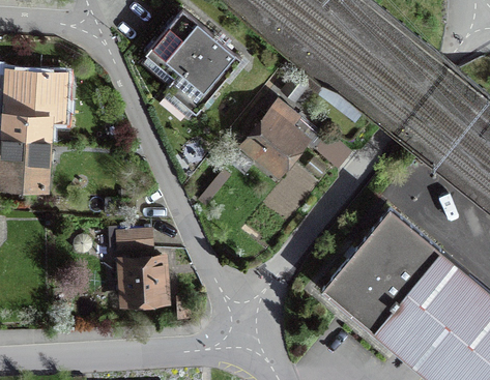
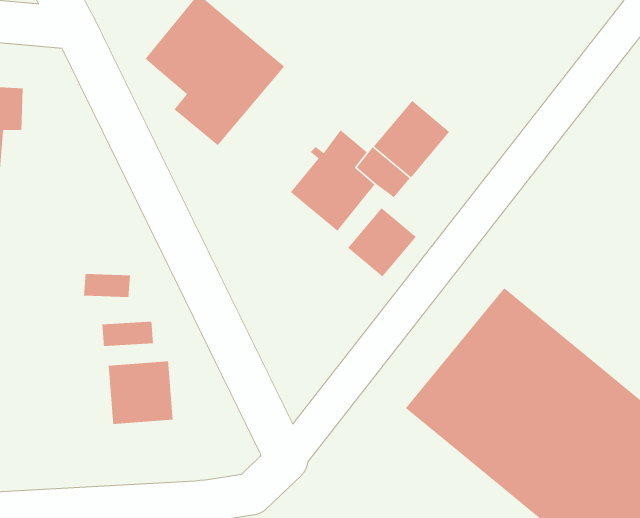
building: none -> [373,100,450,178]
building: none -> [347,207,417,278]

